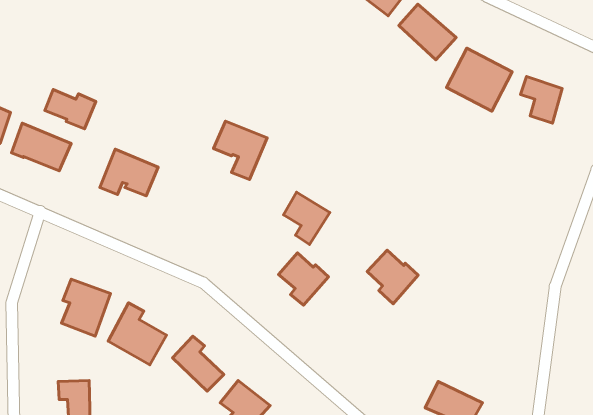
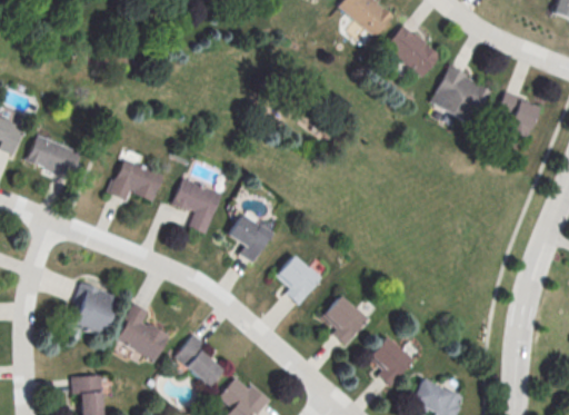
building: [45,89,96,129] -> none
building: [214,121,267,179] -> [170,180,220,235]
building: [283,192,330,245] -> [228,214,271,263]
building: [367,250,418,304] -> [319,294,367,344]
building: none -> [370,335,415,385]

